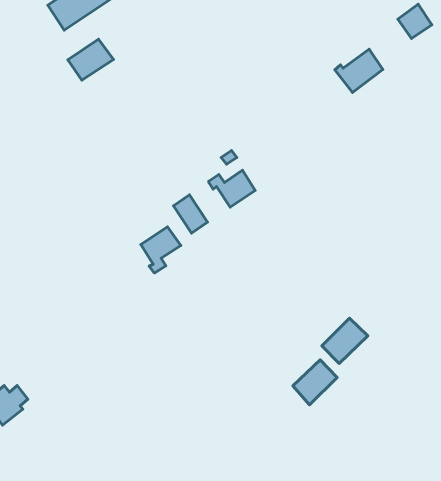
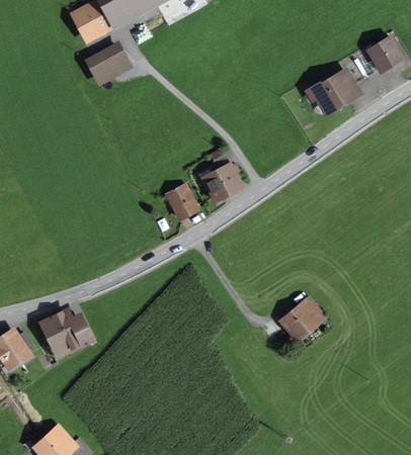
building: [141,227,181,273] -> none
building: none -> [44,306,89,355]
building: [293,360,337,405] -> none

